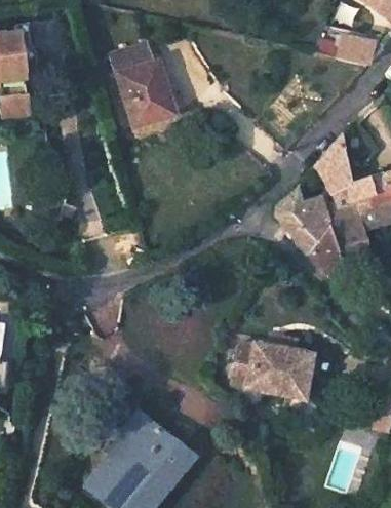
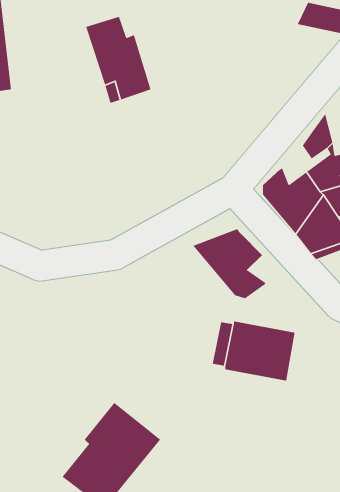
building: none -> [192,228,266,299]

